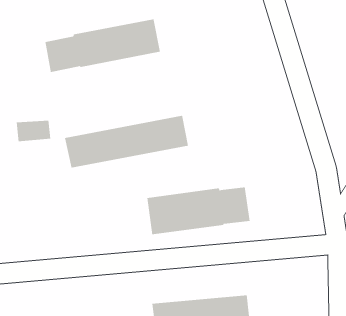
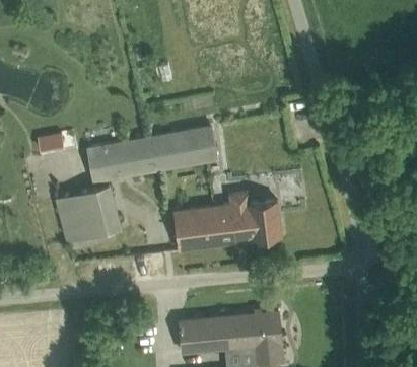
building: [45,18,160,73] -> none
building: none -> [57,188,121,243]

